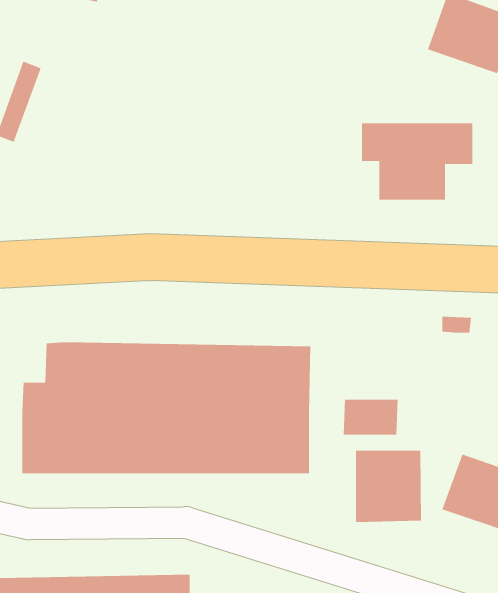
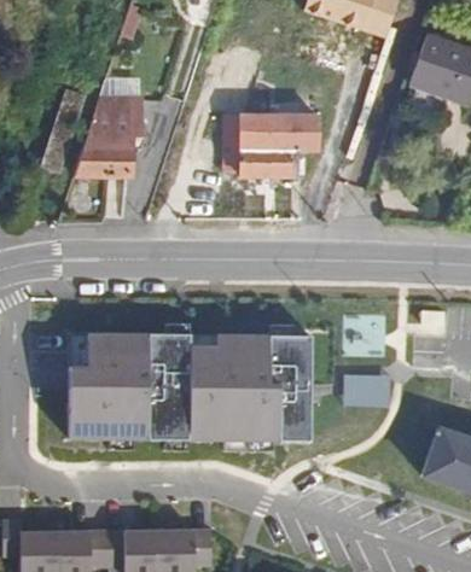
building: none -> [75,93,143,175]
building: [361,123,473,200] -> [226,118,320,183]
building: [356,450,421,523] -> none

